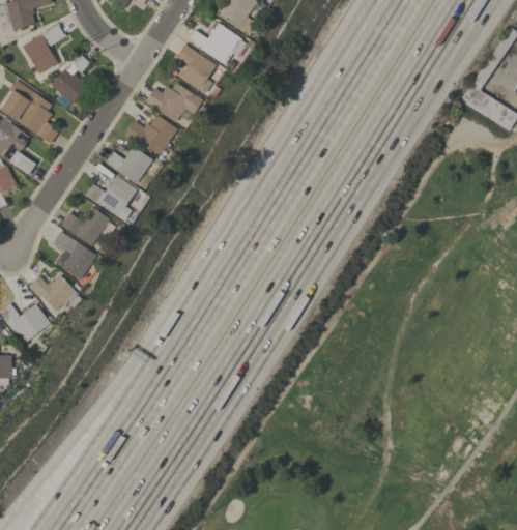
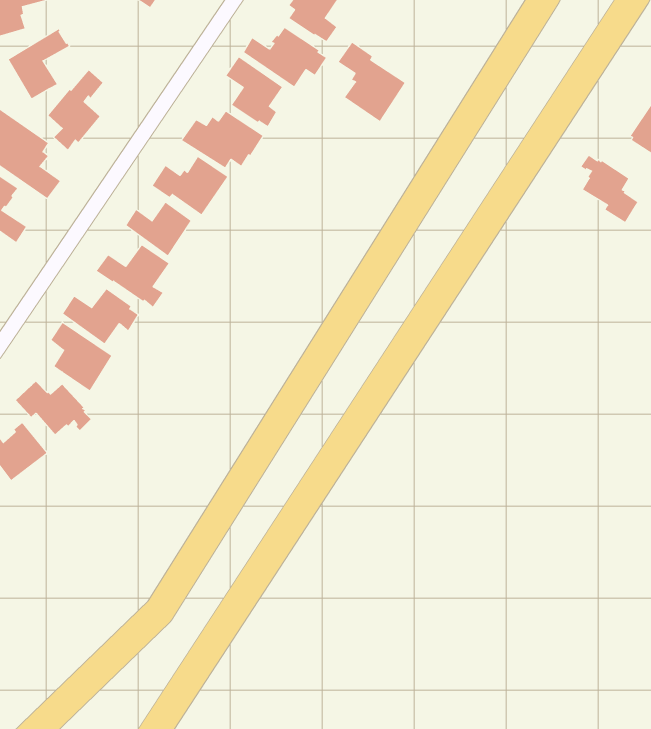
building: none -> [338,42,406,122]
building: none -> [580,155,638,223]

